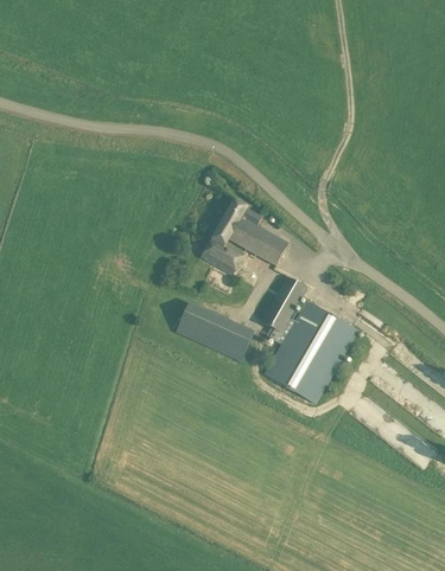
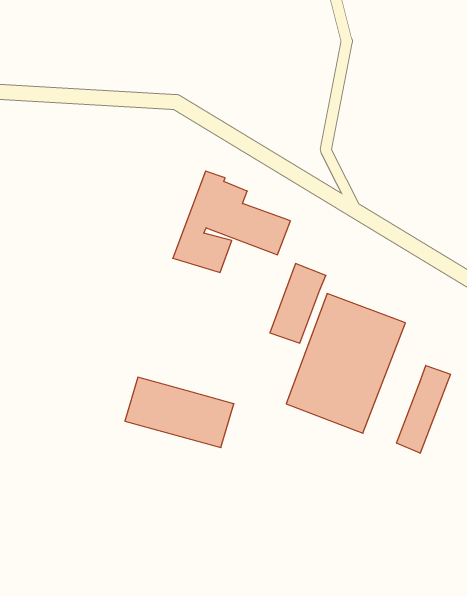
building: [176,301,255,360] -> [125,377,234,448]
building: none -> [397,365,450,453]

